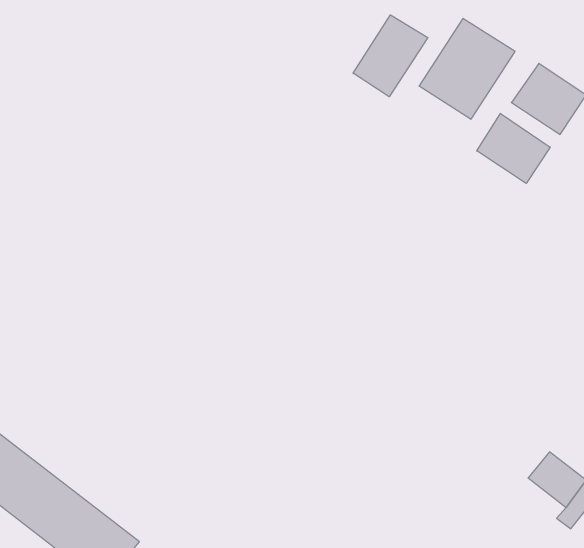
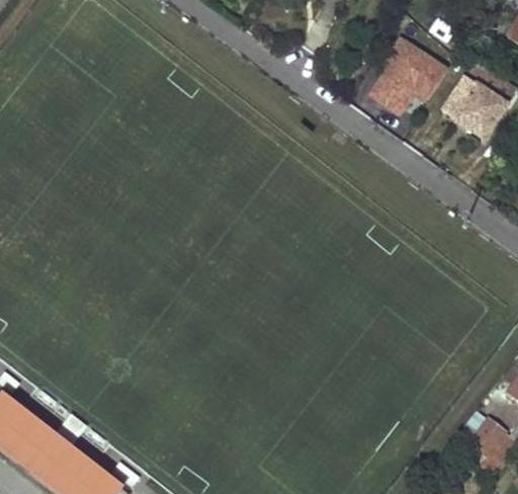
building: [353,15,428,97] -> none
building: [477,113,550,183] -> none

